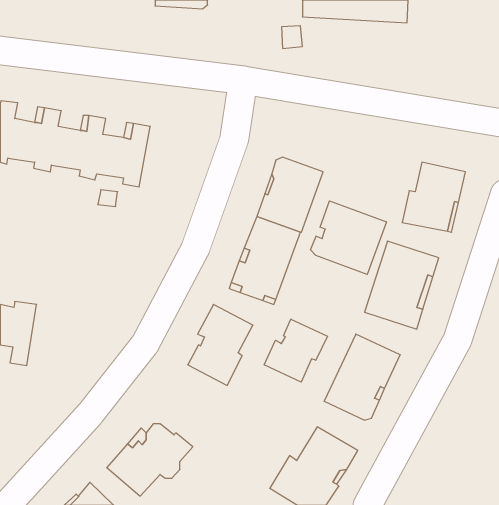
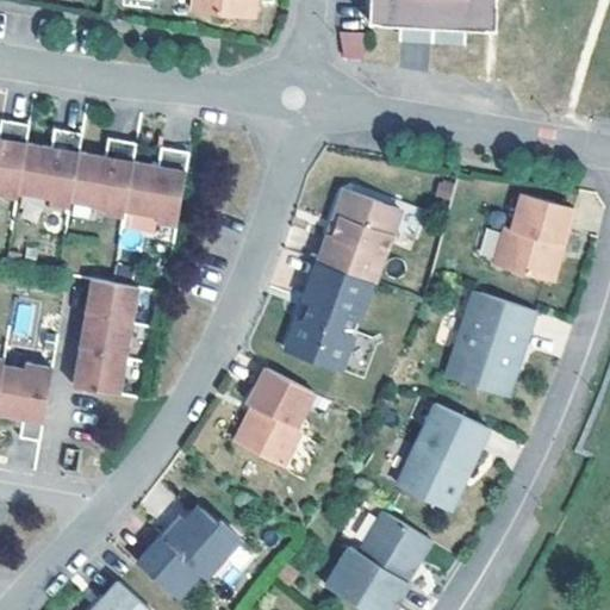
building: [311,201,386,274] -> none
building: none -> [73,279,138,394]
building: [264,319,328,382] -> none

